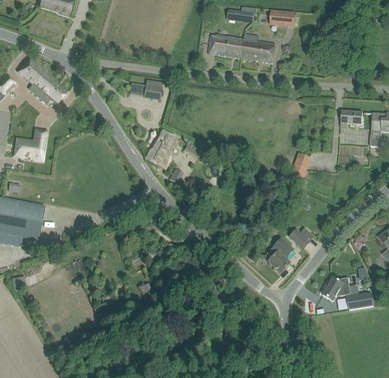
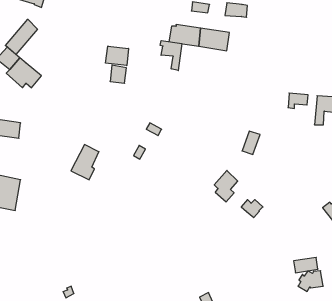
building: none -> [5,19,37,55]
building: none -> [160,41,182,71]
building: none -> [106,46,128,66]
building: [144,129,175,168] -> [71,145,99,180]
building: [266,237,292,272] -> [214,170,238,202]
building: [322,277,350,300] -> [298,271,323,291]

